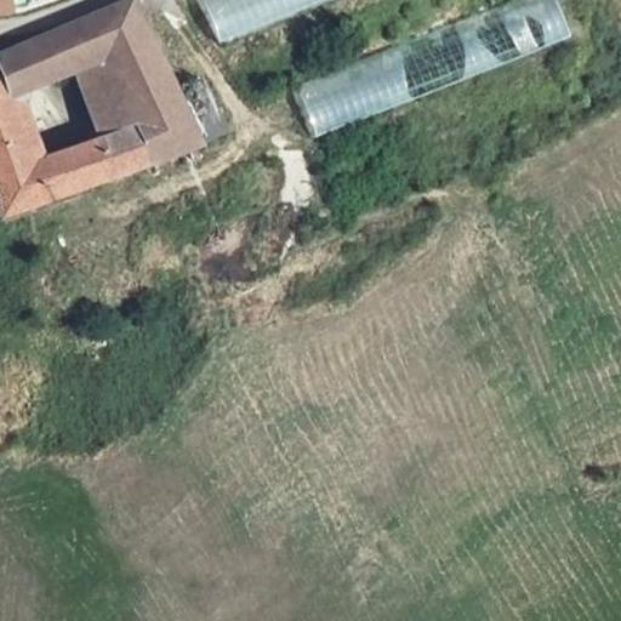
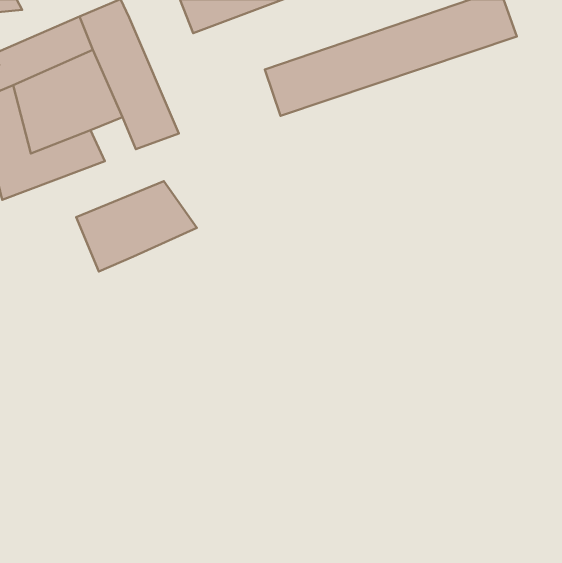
building: [99,129,149,177] -> none
building: none -> [76,181,197,272]

